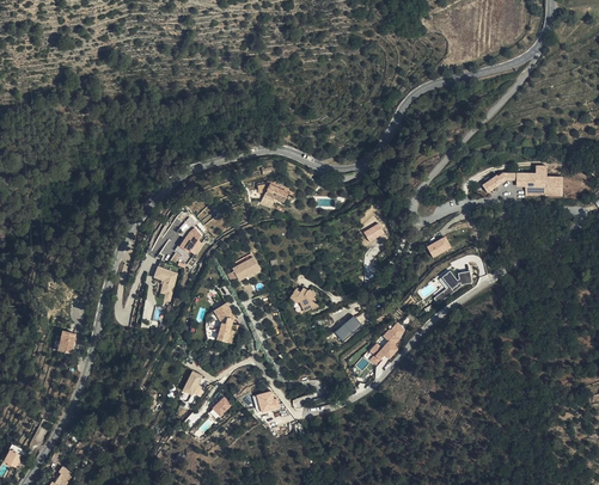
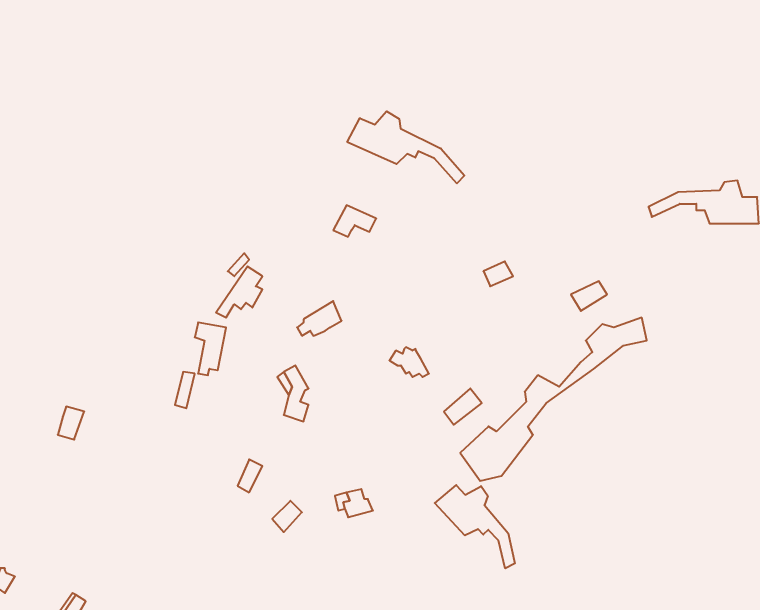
building: none -> [347,111,464,183]
building: none -> [435,485,515,568]

